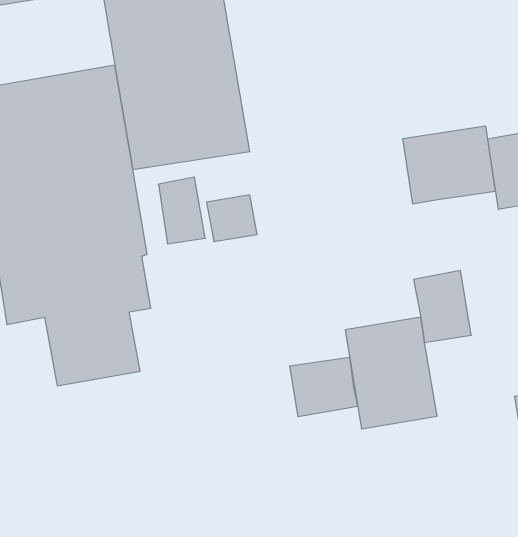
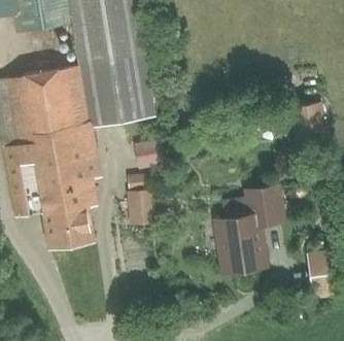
building: [403,126,495,204] -> none
building: [158,177,205,244] -> [127,186,153,225]
building: [290,357,357,417] -> none

